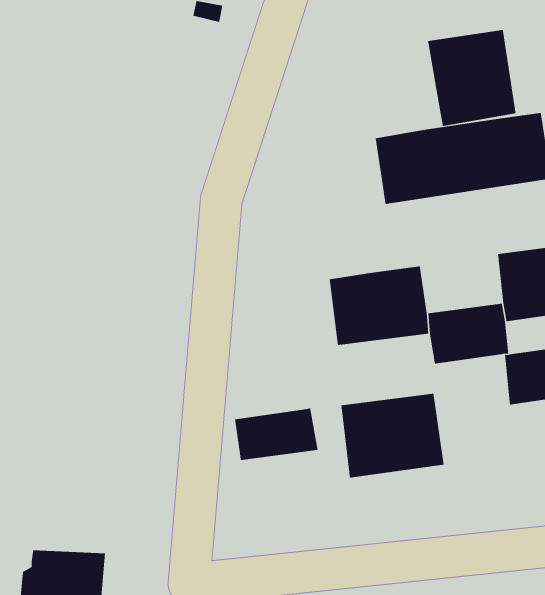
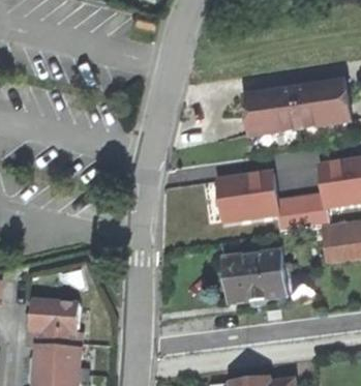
building: [428,29,516,127] -> none
building: [234,407,318,461] -> none
building: none -> [29,298,83,347]

